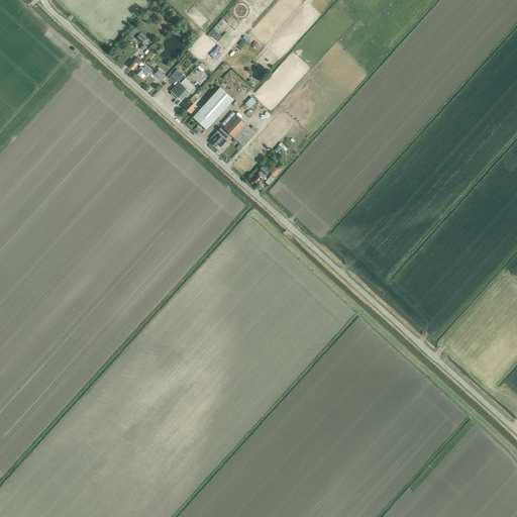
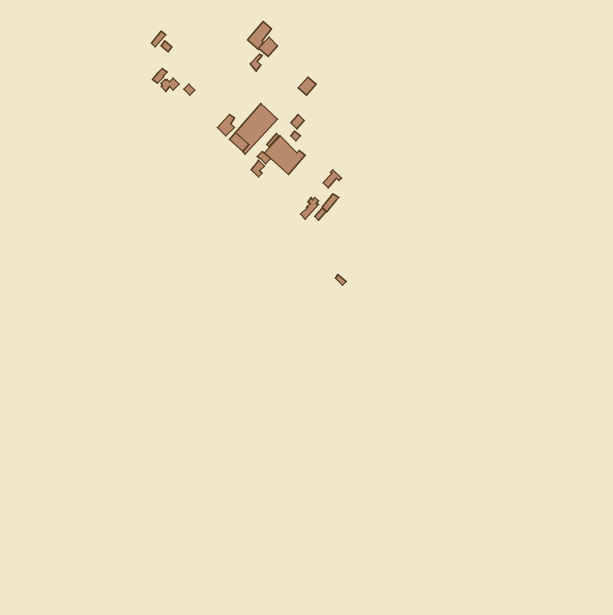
building: [169,70,194,101] -> none

